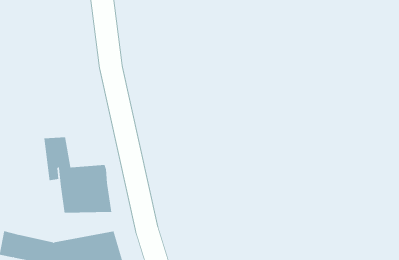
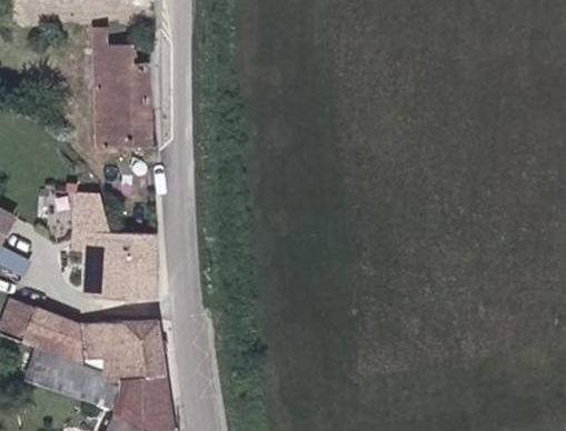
building: none -> [90,26,148,150]

